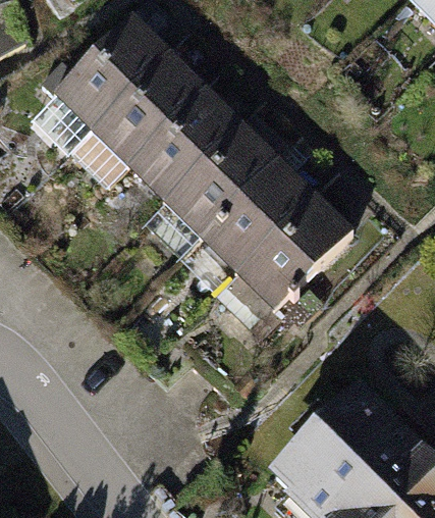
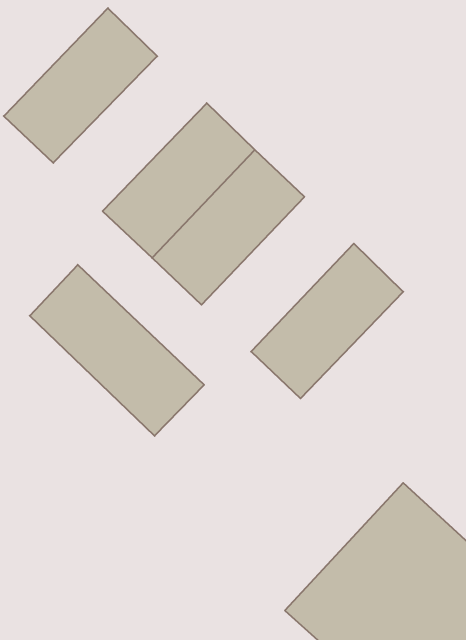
building: [83,48,203,169] -> none
building: [199,158,318,279] -> none
building: none -> [30,265,204,436]

